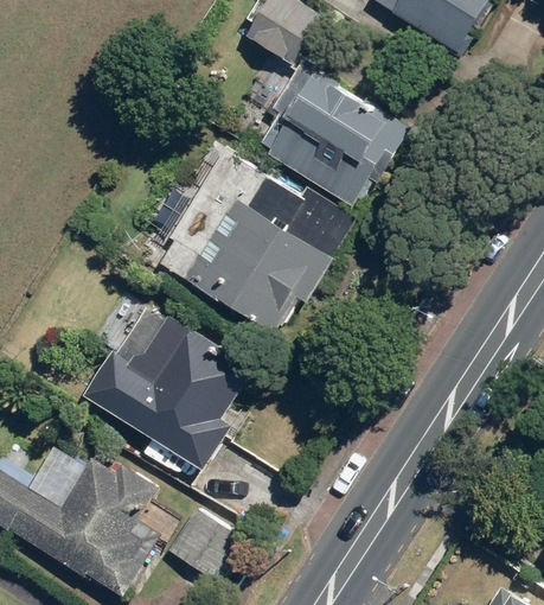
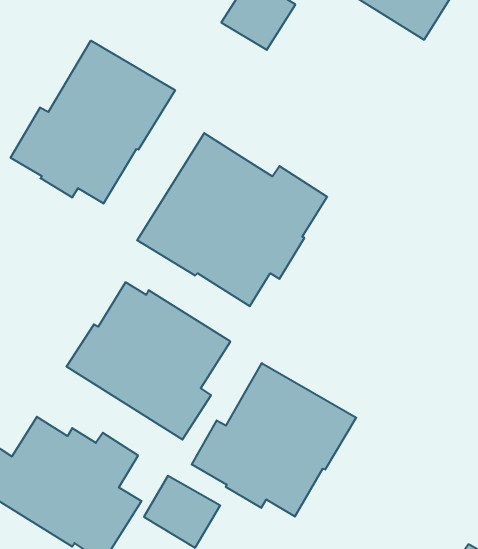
building: none -> [11,41,175,204]
building: [258,59,410,208] -> none
building: none -> [192,363,356,517]

